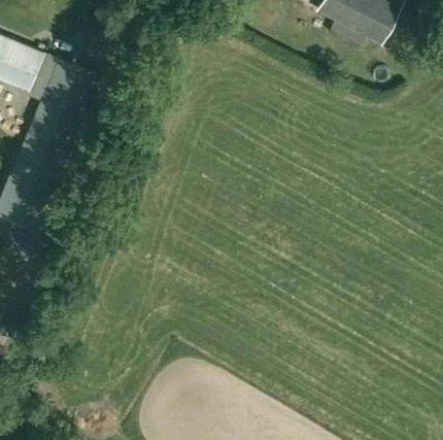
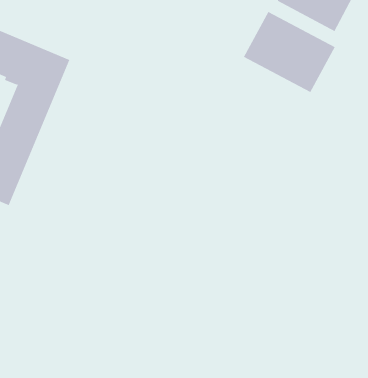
building: none -> [243,11,335,93]

